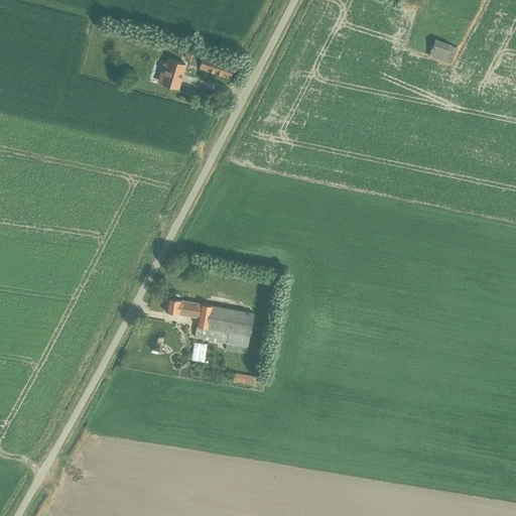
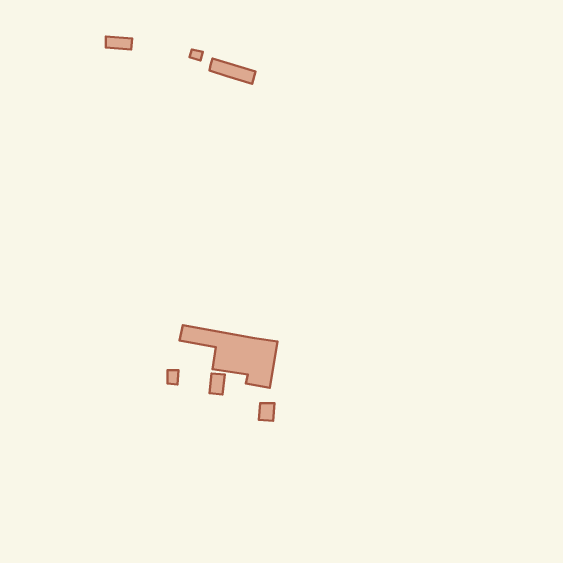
building: [428,39,457,63] -> none
building: [160,58,185,89] -> none

